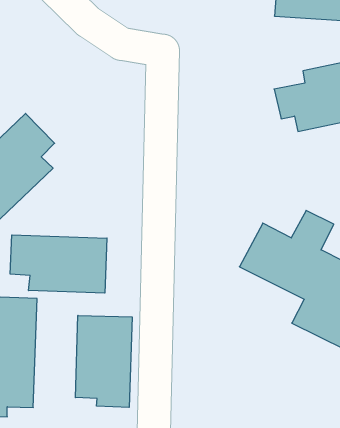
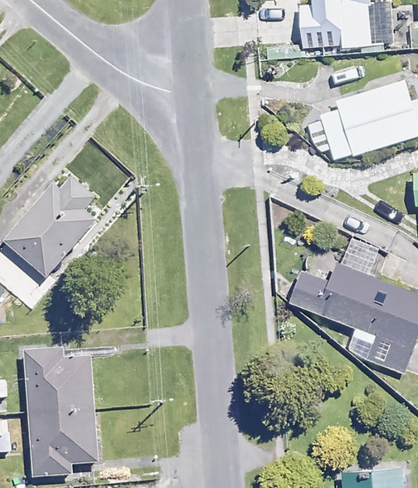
building: [10,235,107,293] -> none
building: [75,315,132,407] -> none

